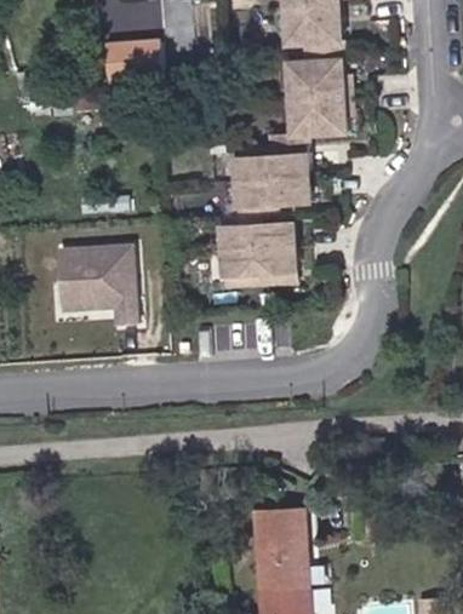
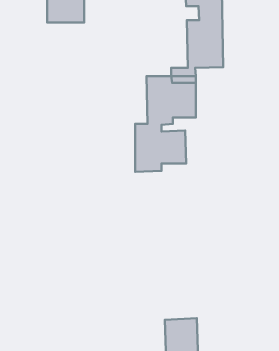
building: [42,241,131,323] -> none

